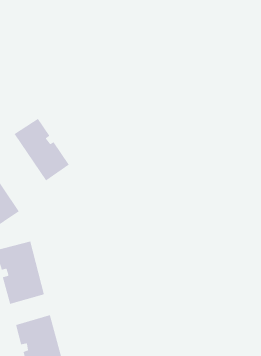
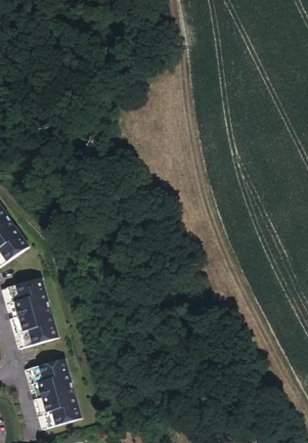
building: [14,118,70,181] -> none

